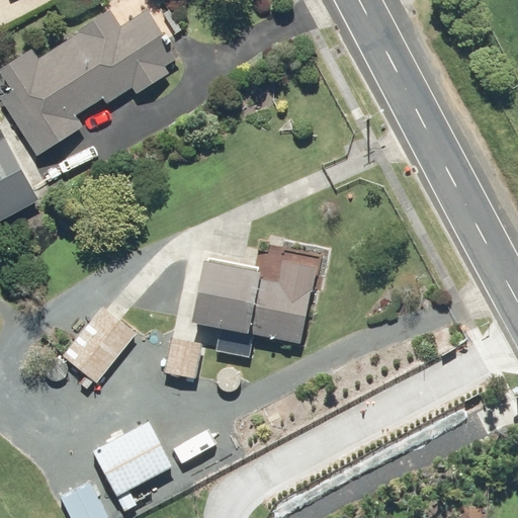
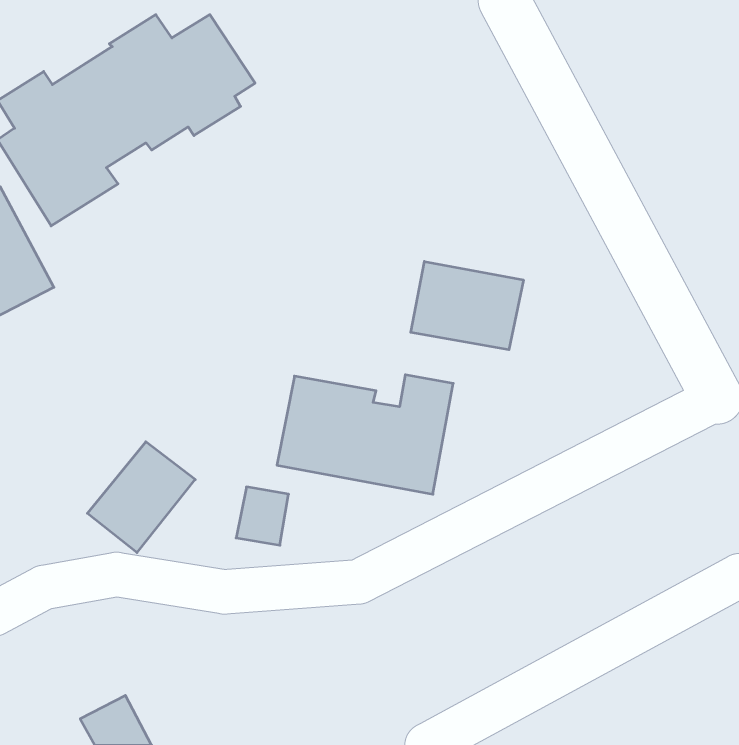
building: none -> [411,261,523,350]
building: [92,421,172,513] -> none

